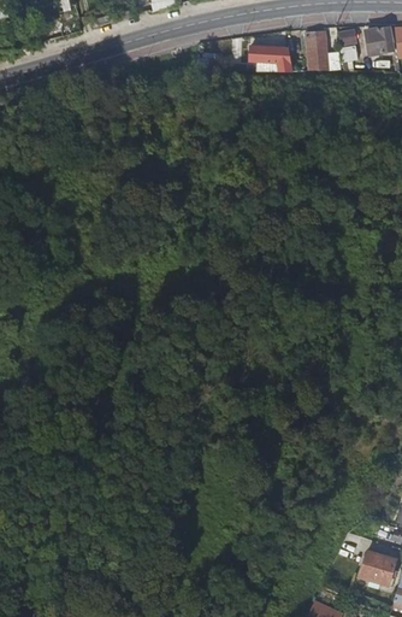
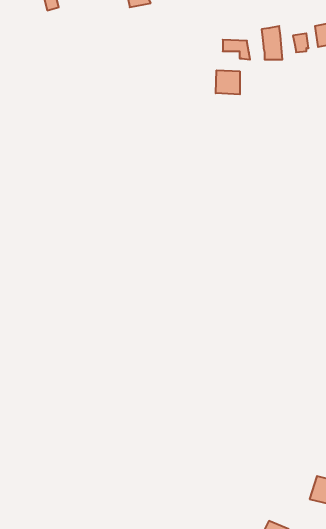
building: none -> [216,70,240,94]

